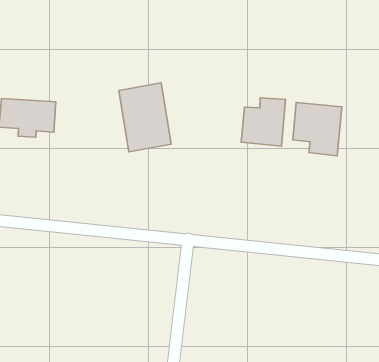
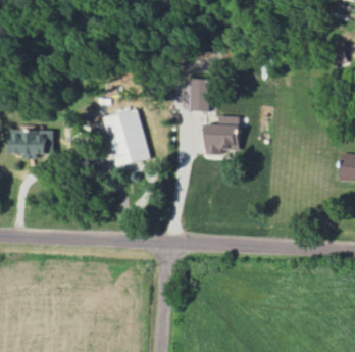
building: none -> [184,79,210,111]
building: [293,103,342,156] -> none

